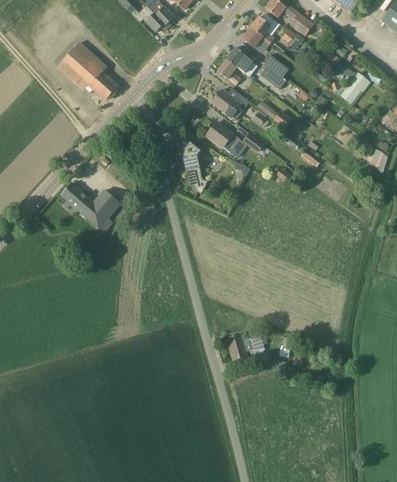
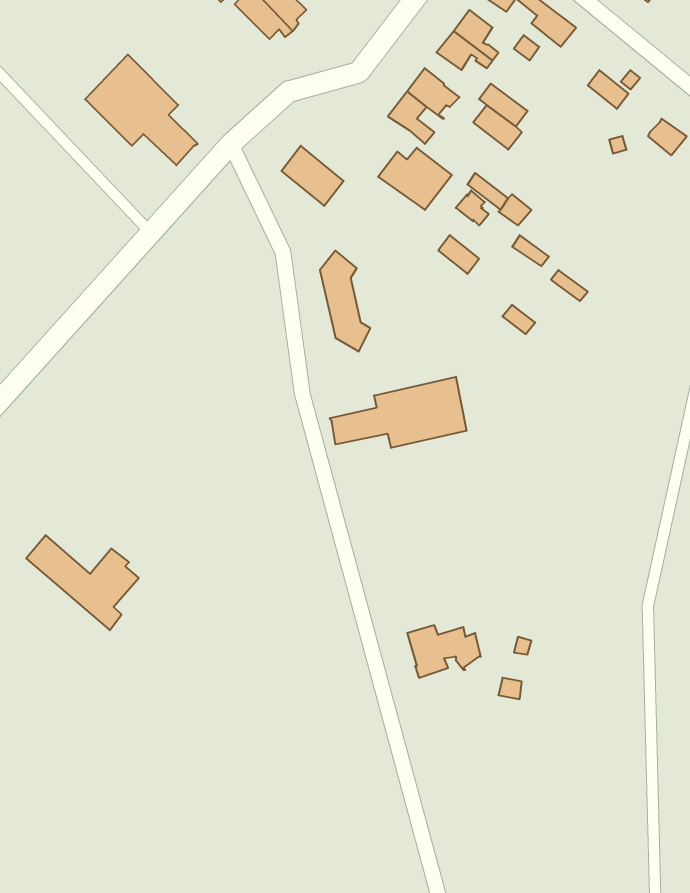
building: [207,121,239,152] -> [281,146,344,206]
building: [60,183,118,232] -> [26,535,139,630]
building: none -> [330,377,467,448]

